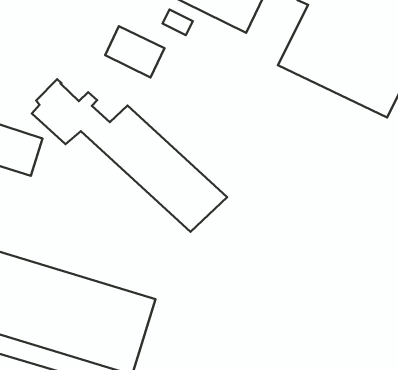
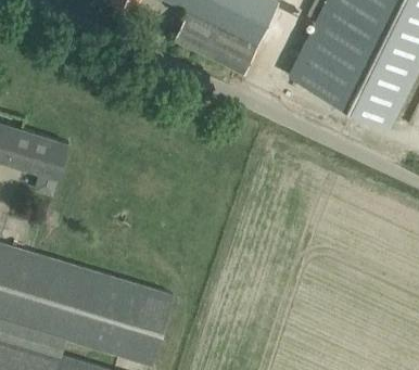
building: [105,26,164,77] -> [202,26,257,74]
building: [32,79,227,232] -> none

